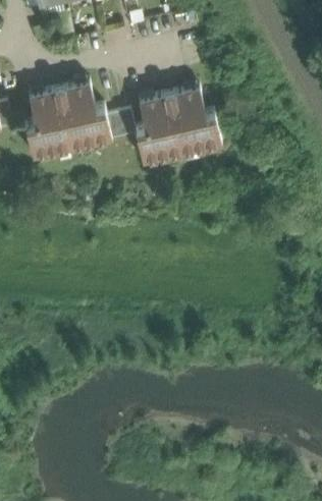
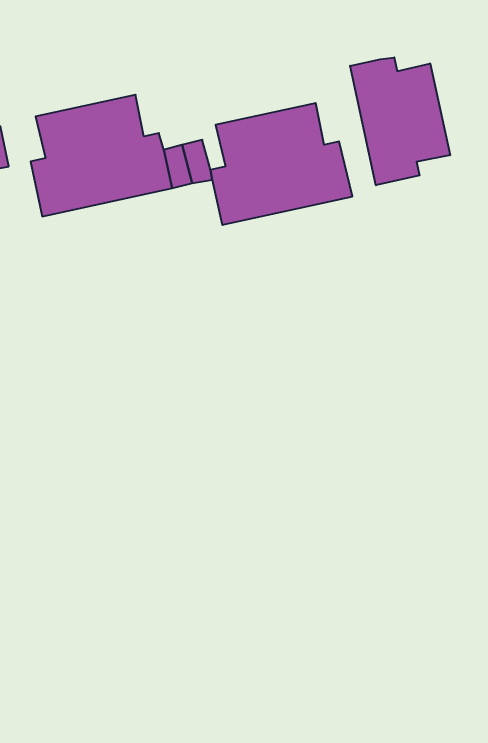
building: none -> [350,57,450,185]

